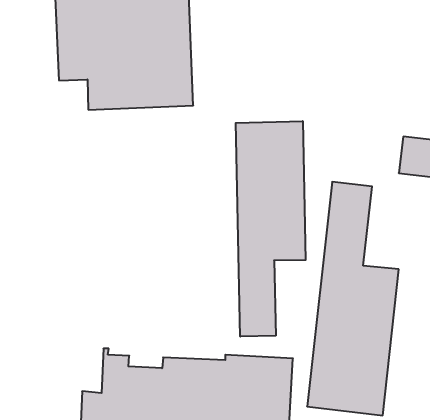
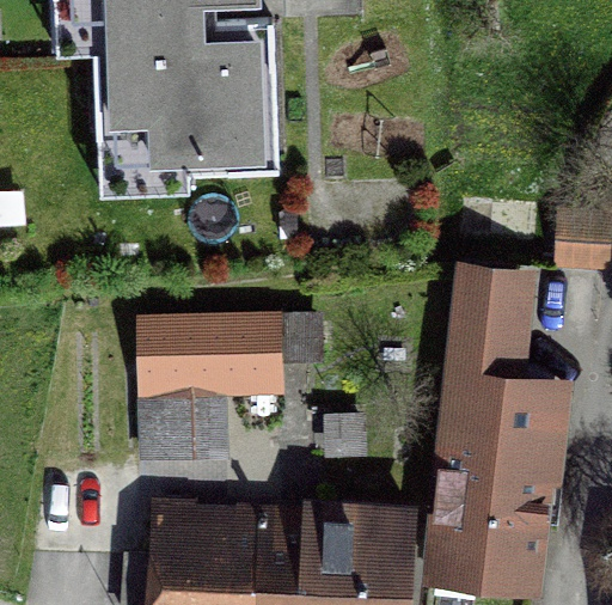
building: [236,121,306,337] -> none
building: none -> [148,312,318,452]

